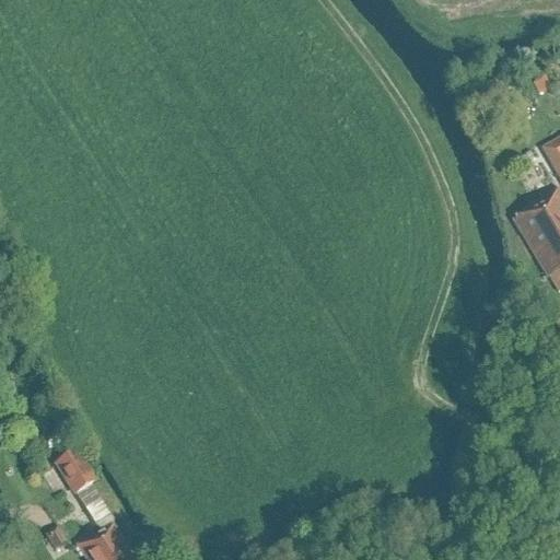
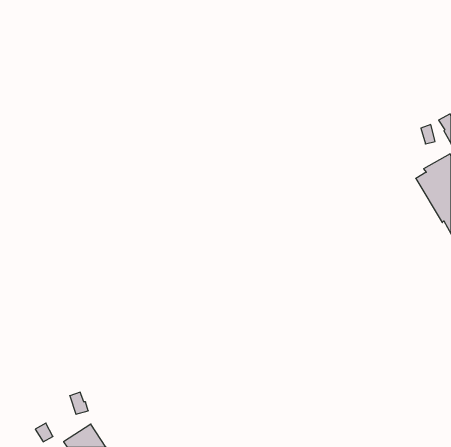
building: [54,450,94,493] -> none

